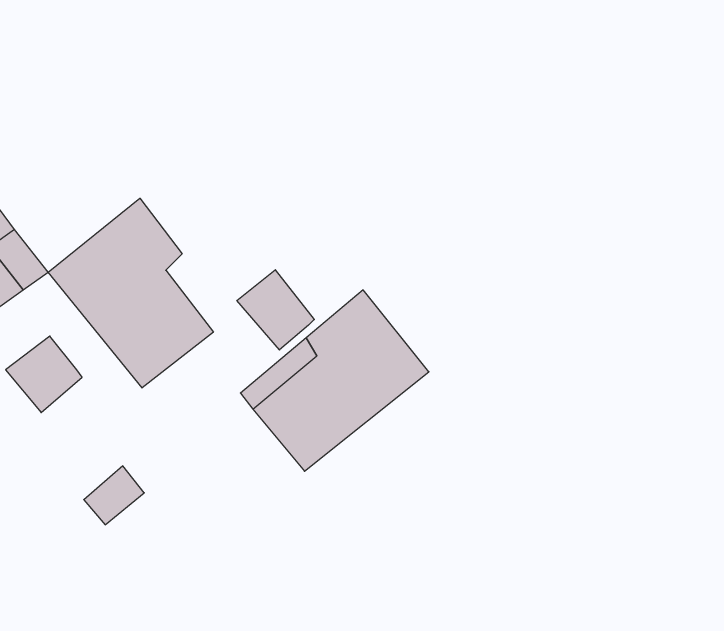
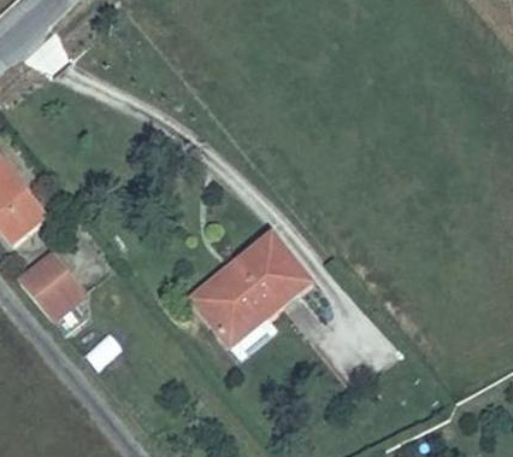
building: [48,198,213,388] -> none
building: [237,270,314,350] -> none

